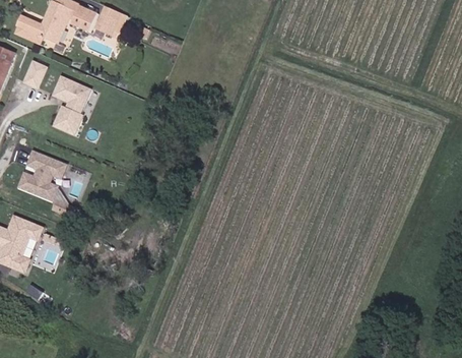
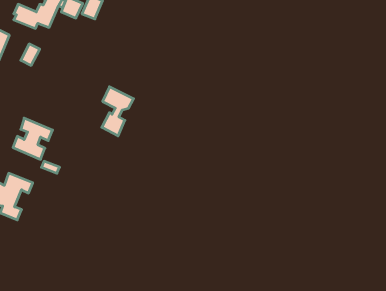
building: [54,78,91,136] -> [102,87,134,136]

